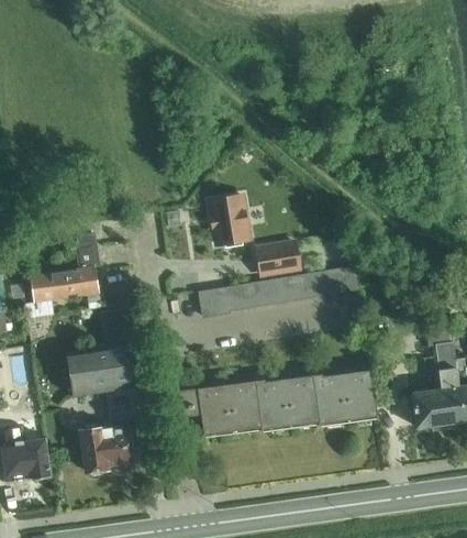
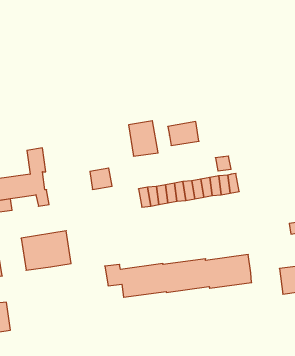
building: [257,241,299,273] -> [168,122,199,145]
building: [198,286,227,315] -> [90,168,112,189]
building: [81,424,145,471] -> none

